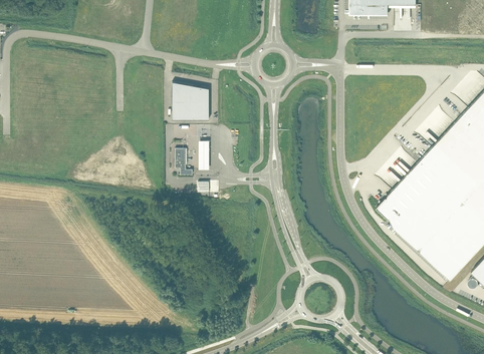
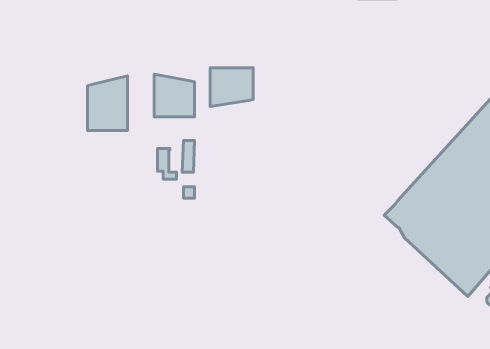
building: none -> [210,68,253,107]
building: none -> [88,76,128,131]

